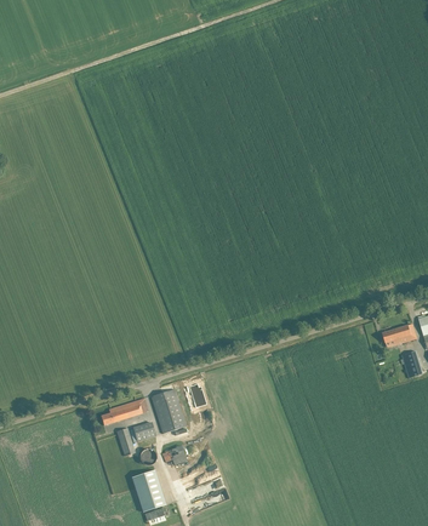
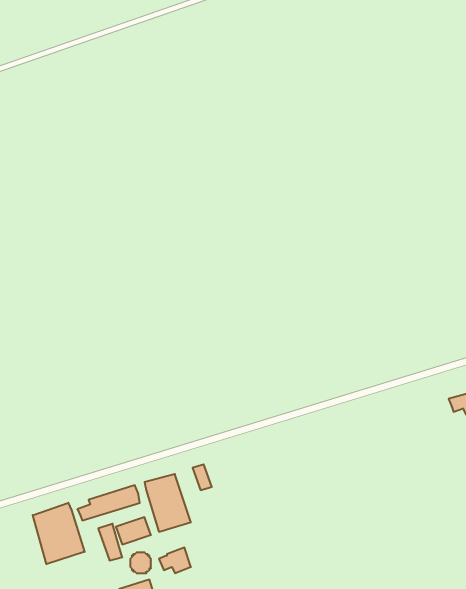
building: none -> [33,503,85,564]

